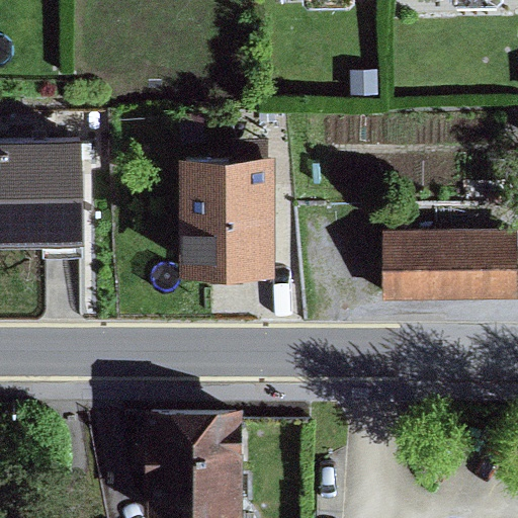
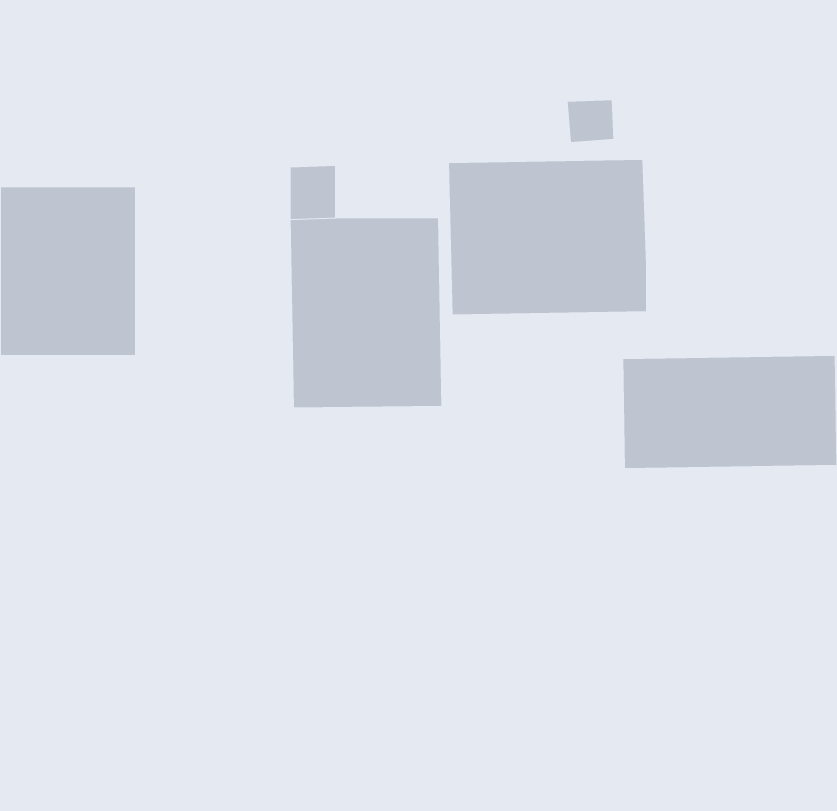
building: none -> [448,159,646,315]
building: [145,402,239,511] -> none

